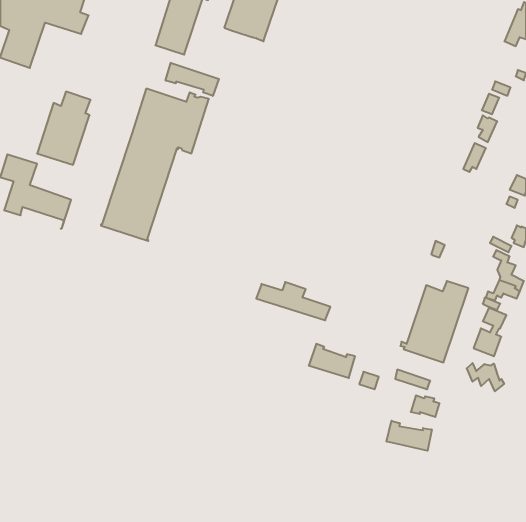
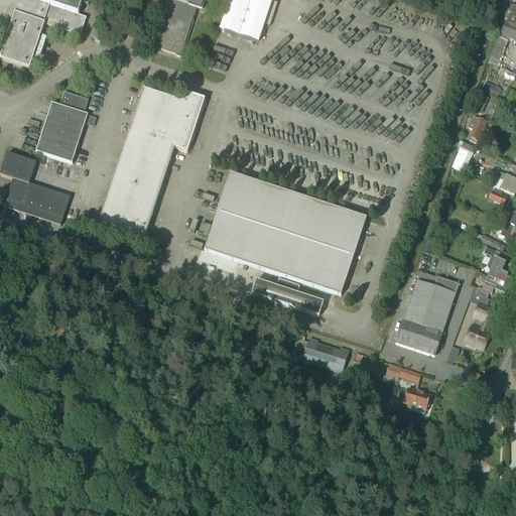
building: [166,63,219,96] -> none
building: none -> [205,171,366,293]
building: [467,363,504,391] -> none
building: [387,421,432,451] -> none

